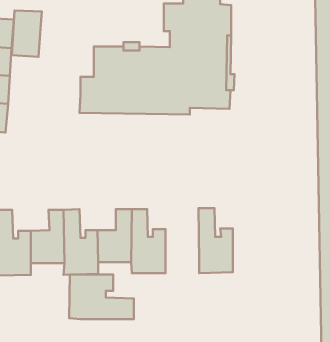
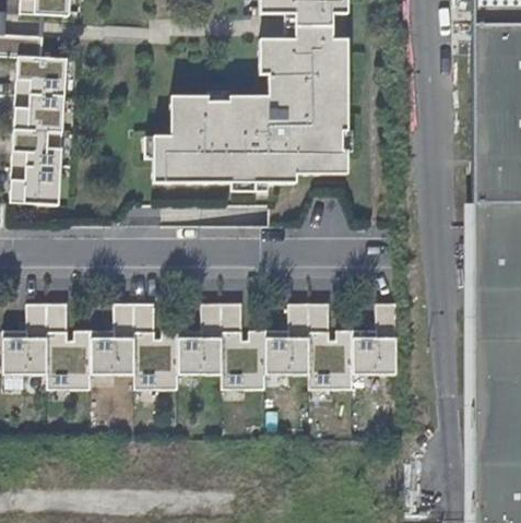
building: [12,11,42,57] -> none
building: none -> [353,302,396,372]
building: none -> [265,304,309,373]
building: [69,275,134,319] -> none

